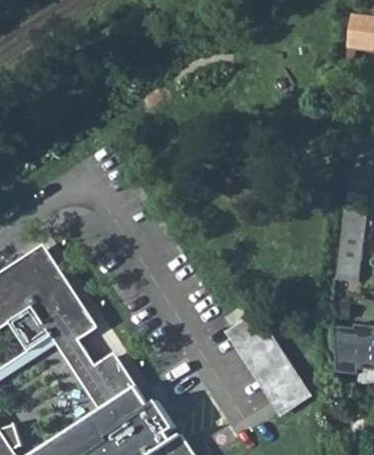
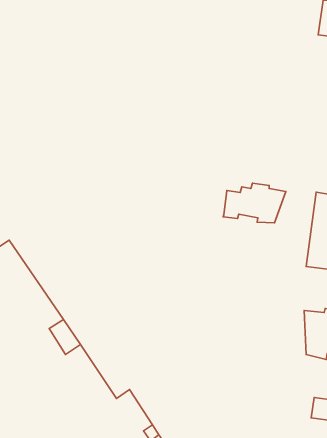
building: none -> [223,183,286,223]
building: [227,308,314,415] -> none

